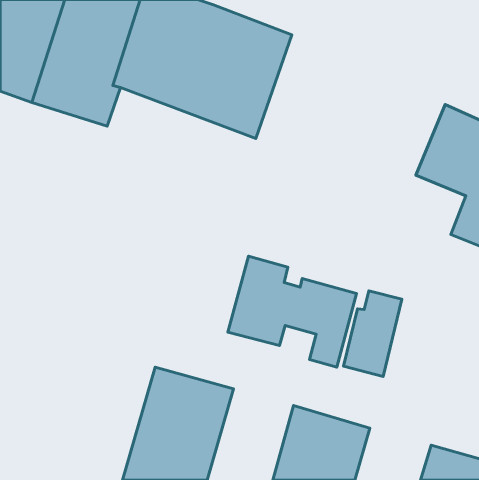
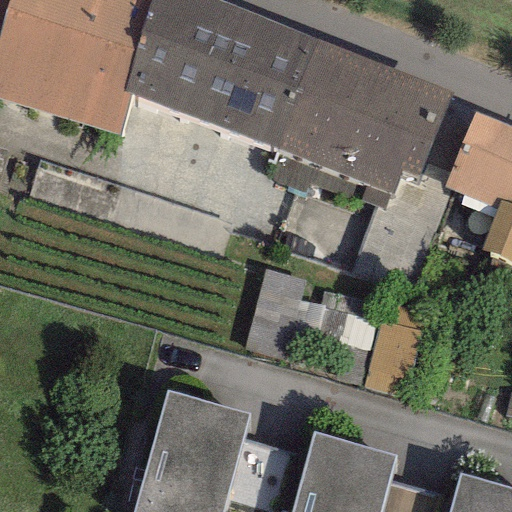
building: none -> [274,37,452,193]

